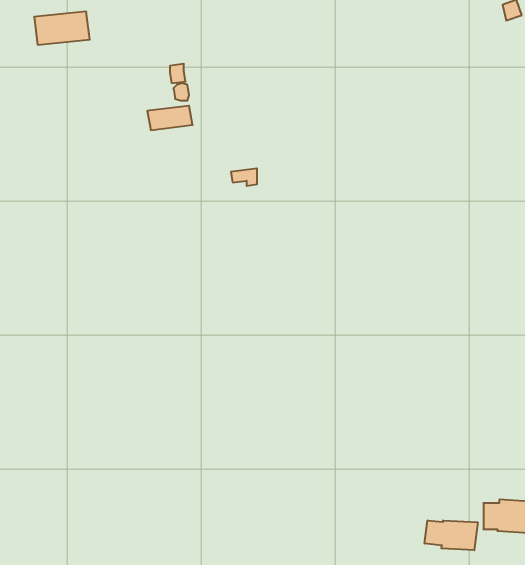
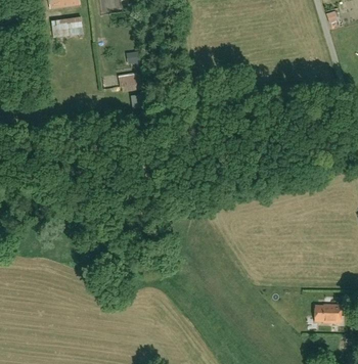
building: [425,520,478,550] -> none

